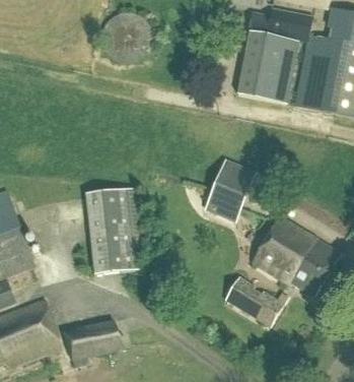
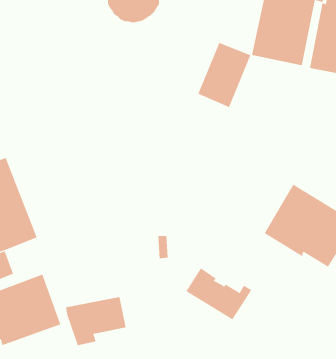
building: [205,160,256,221] -> [197,42,251,108]
building: [87,188,144,272] -> none
building: [225,276,288,326] -> [186,268,252,320]

